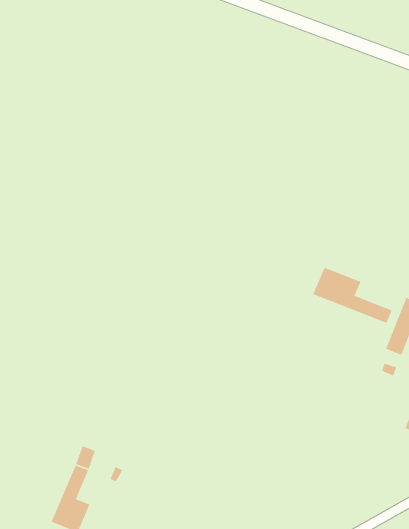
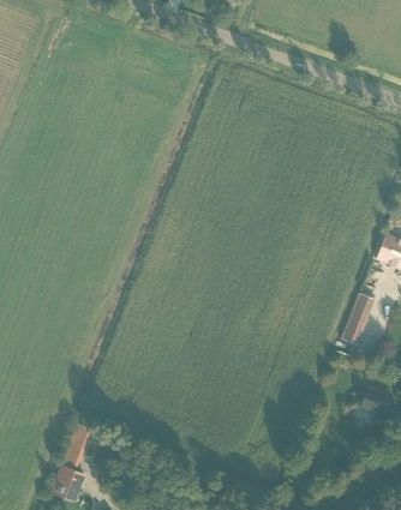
building: [312,267,393,324] -> none

